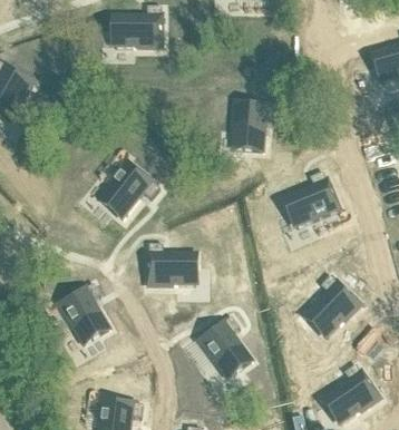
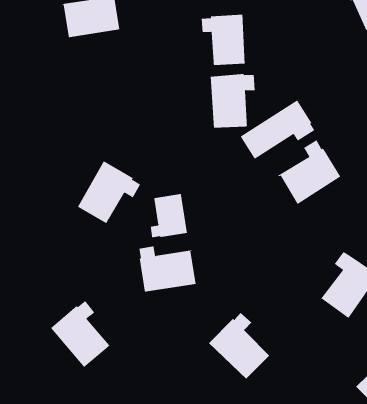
building: none -> [201,14,245,67]
building: none -> [240,100,315,160]
building: none -> [150,193,188,238]

